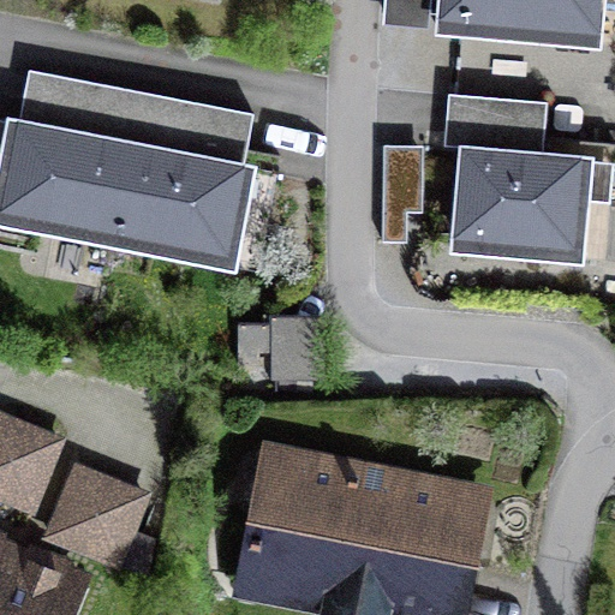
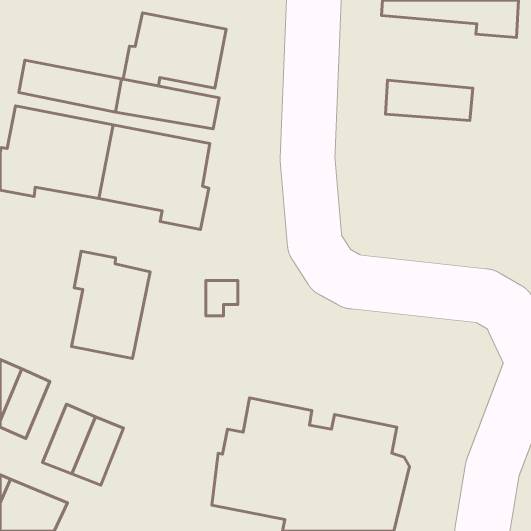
building: none -> [123,13,226,88]
building: [455,148,583,257] -> none
building: none -> [72,251,150,358]

